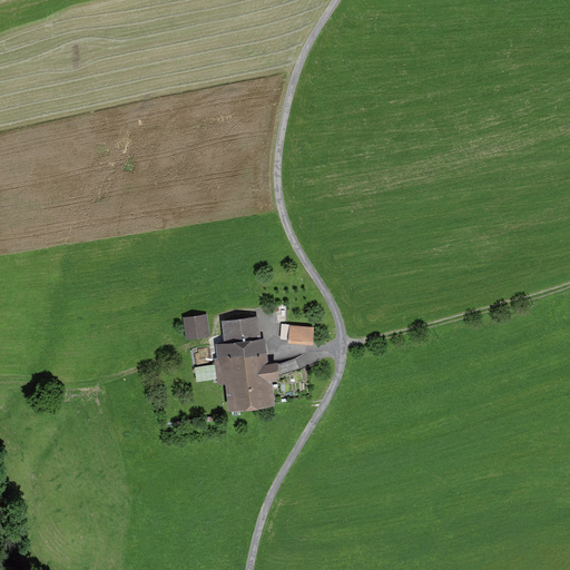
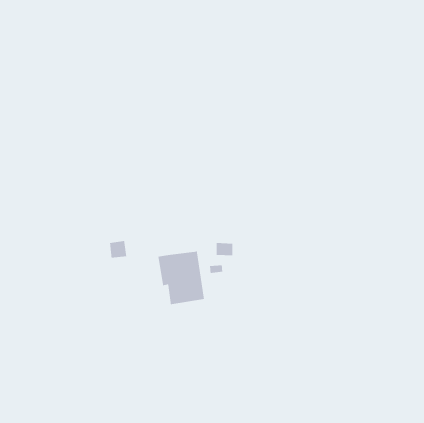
building: [181,315,206,340] -> [109,240,127,258]
building: [222,316,261,342] -> none

